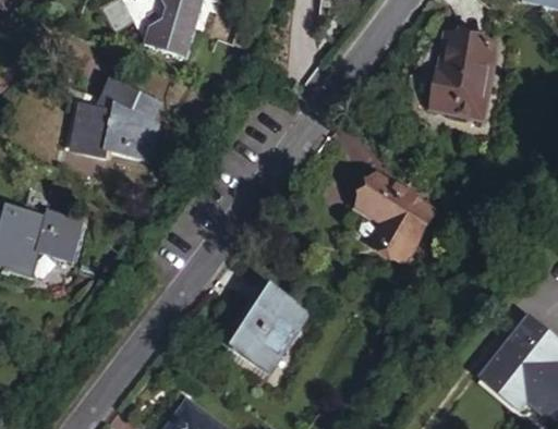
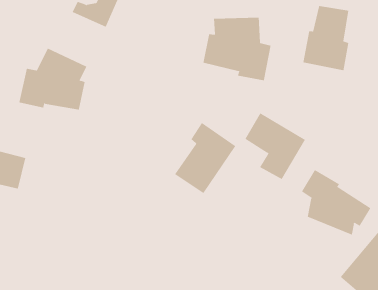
building: none -> [203,17,271,81]
building: none -> [301,169,371,235]
building: [228,277,307,368] -> [174,122,236,194]

